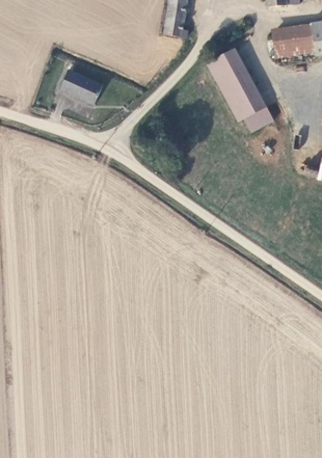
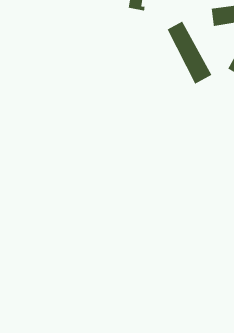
building: [60,69,104,103] -> none

